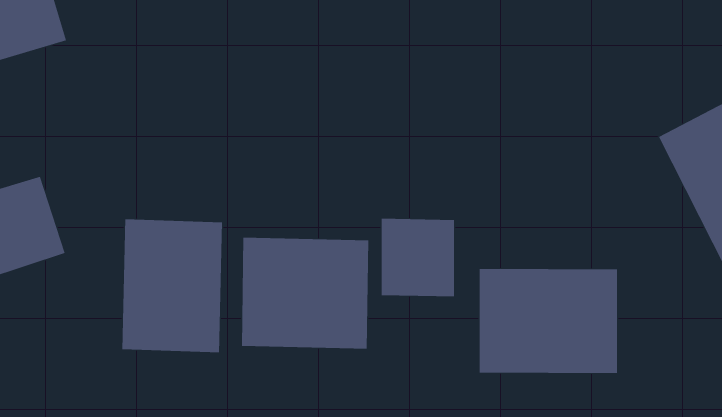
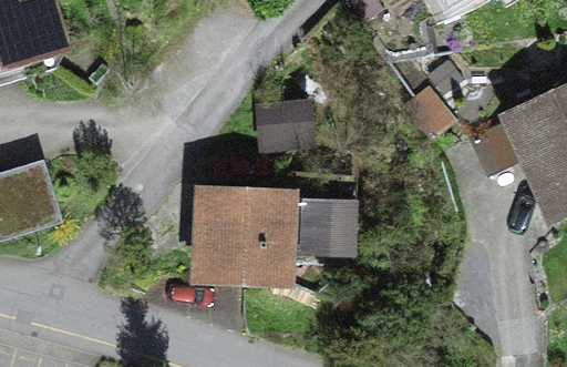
building: [122,219,222,353] -> none
building: [479,268,617,374] -> none

